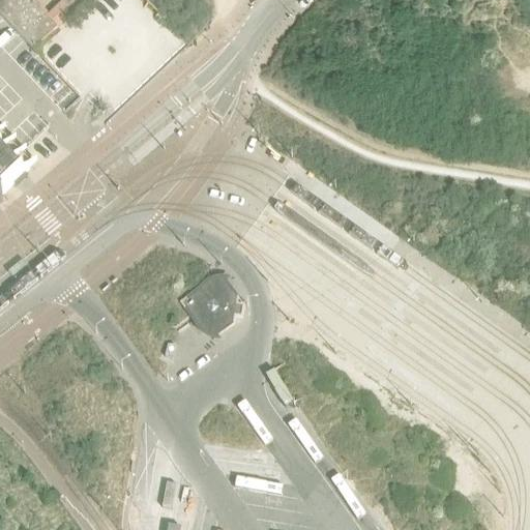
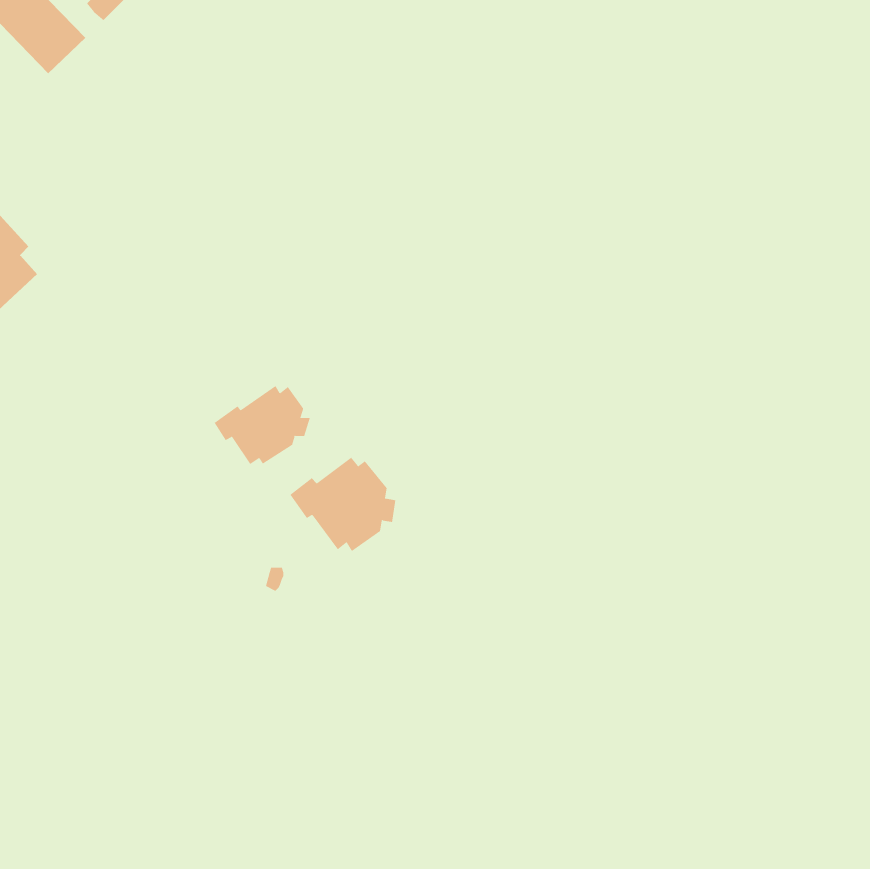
building: none -> [214,385,310,465]

